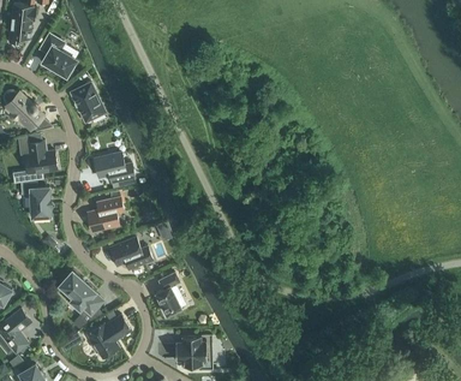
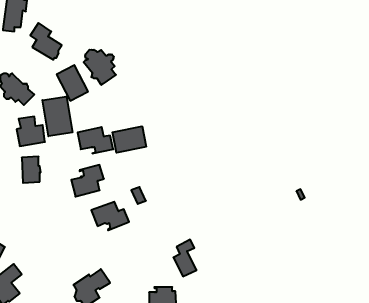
building: none -> [84,50,116,85]
building: none -> [42,96,72,136]
building: none -> [112,126,146,153]
building: [59,270,103,328] -> none
building: [155,273,181,315] -> [173,240,197,276]

